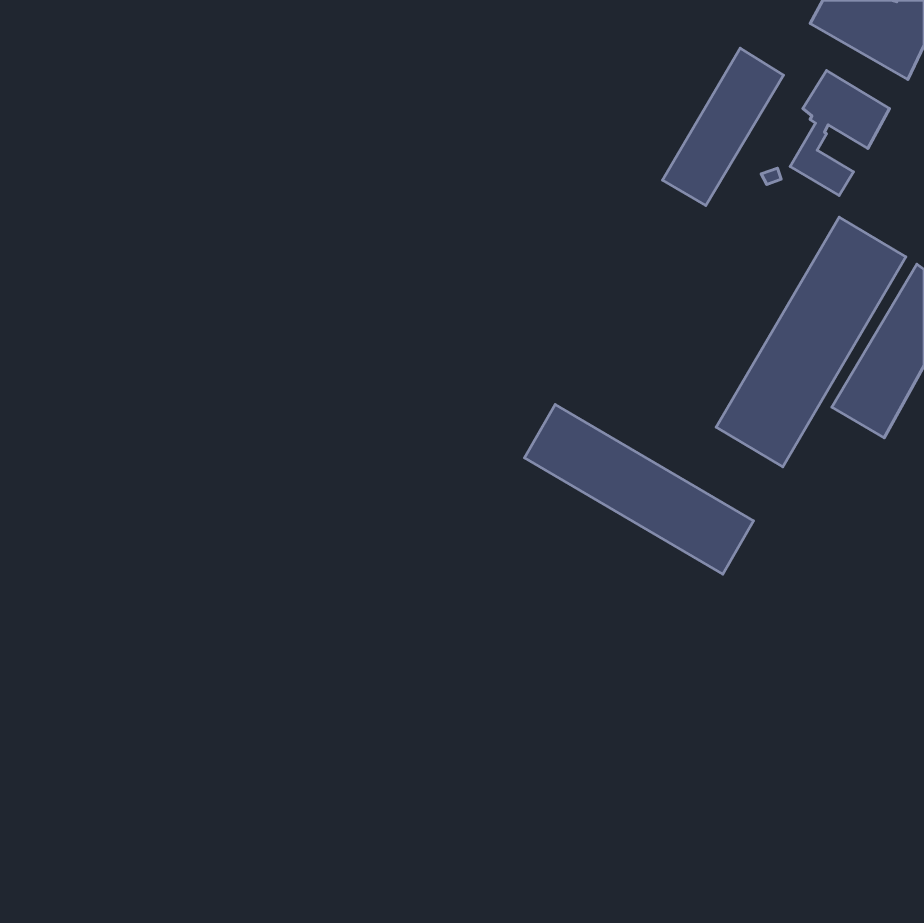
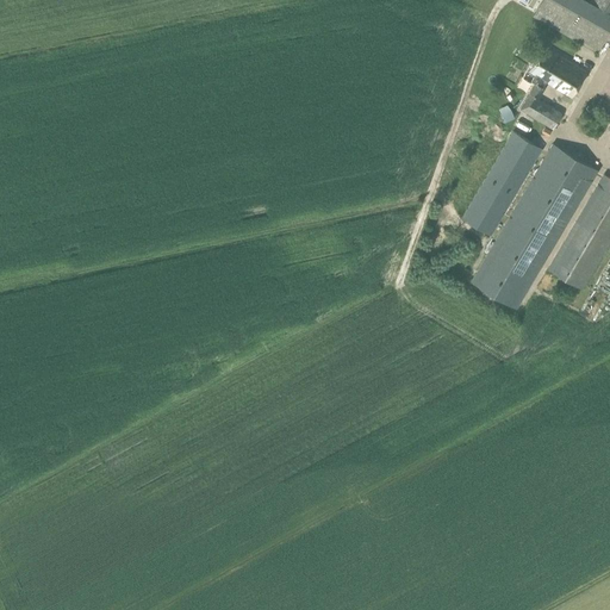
building: [662,48,783,205] -> [462,132,542,236]
building: [525,404,753,574] -> none

